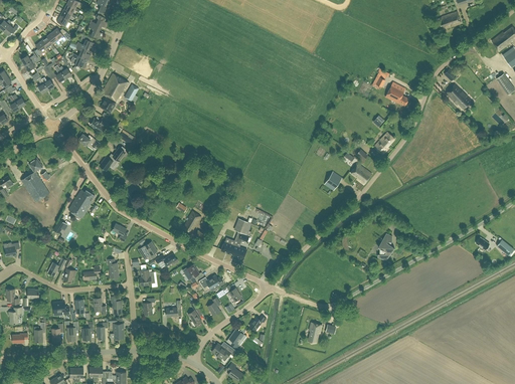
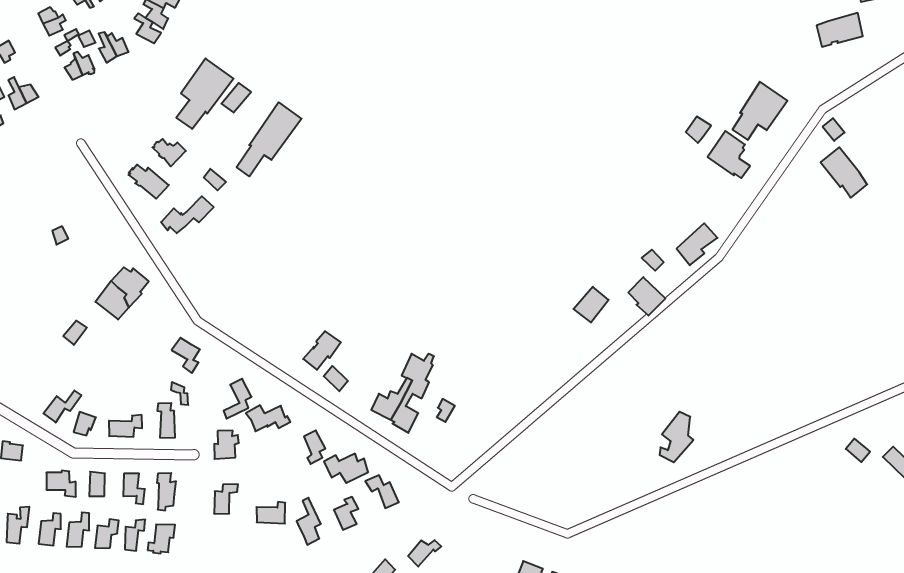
building: none -> [733,82,787,140]
building: none -> [237,102,302,176]
building: [21,158,49,202] -> none

